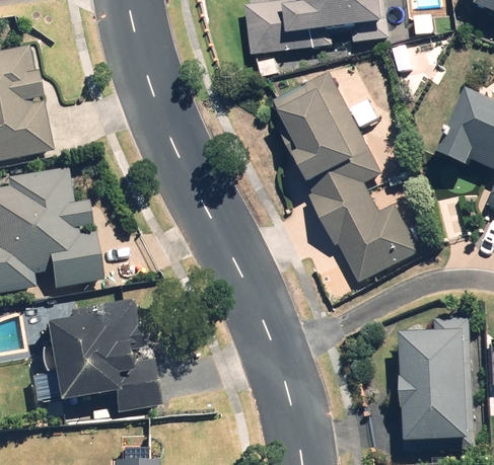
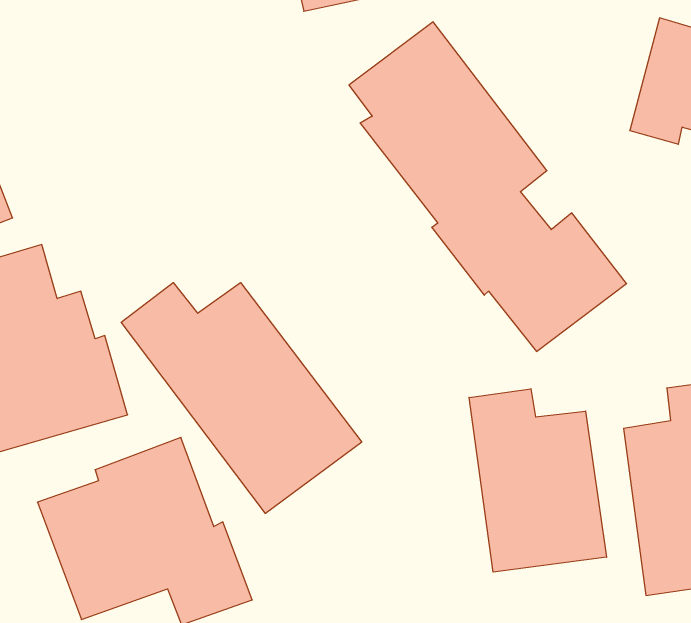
building: none -> [121,283,362,513]
building: none -> [469,389,607,572]

